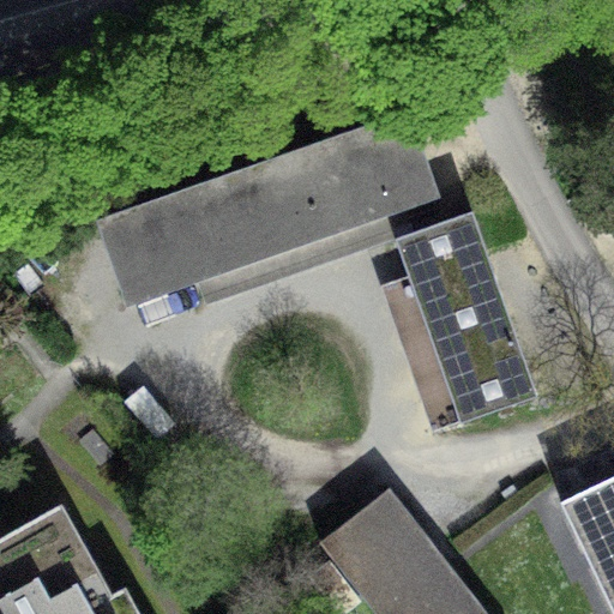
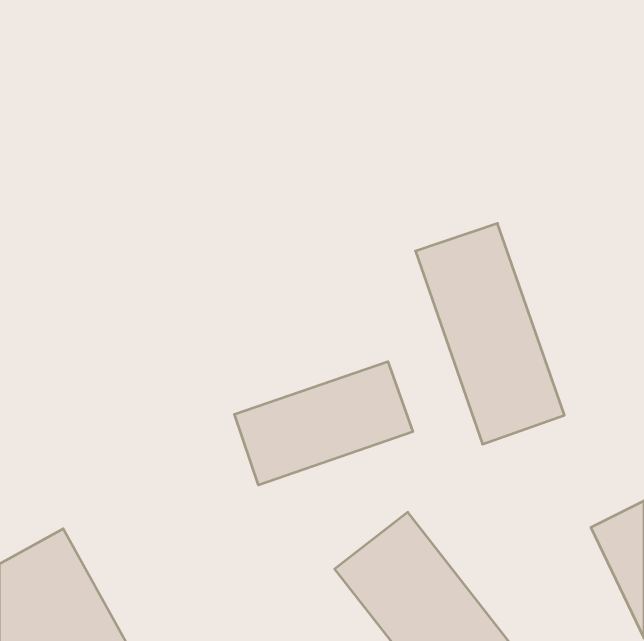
building: [103,121,429,301] -> none
building: none -> [234,362,413,485]

